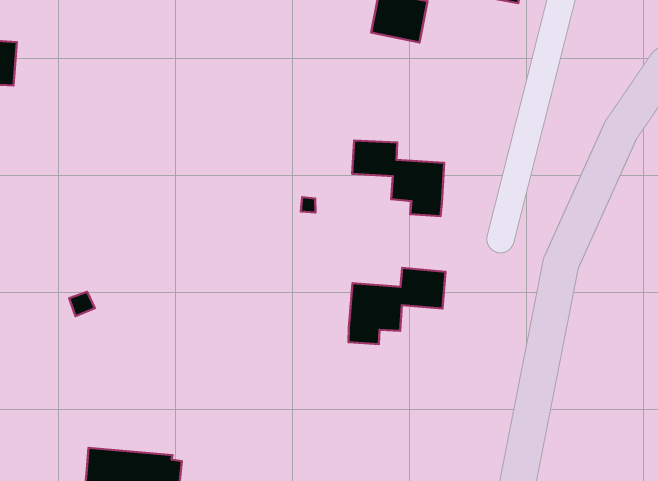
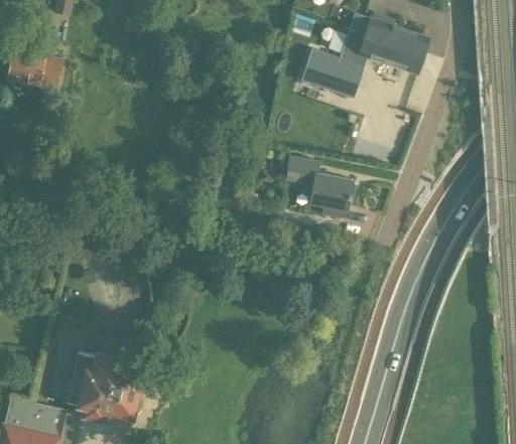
building: [348,268,446,344] -> none

